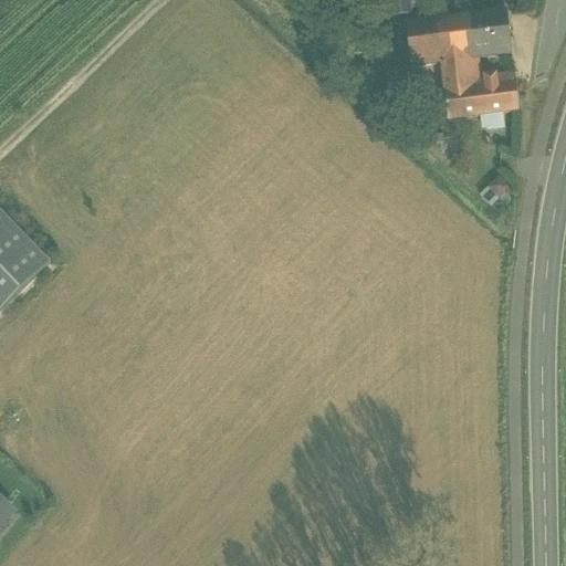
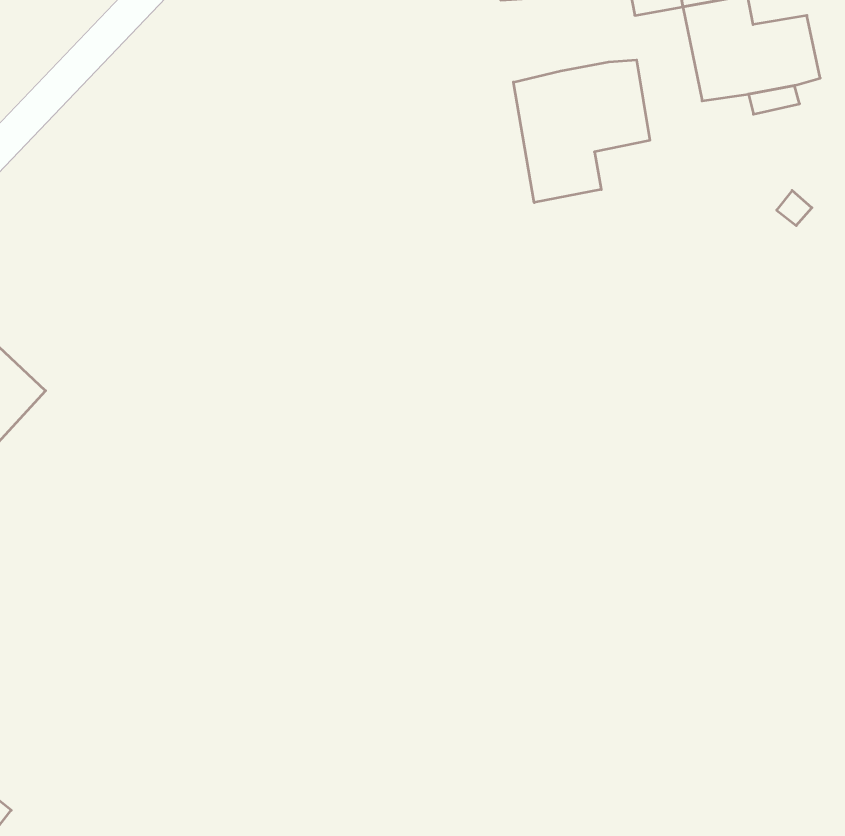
building: none -> [513,60,650,203]

